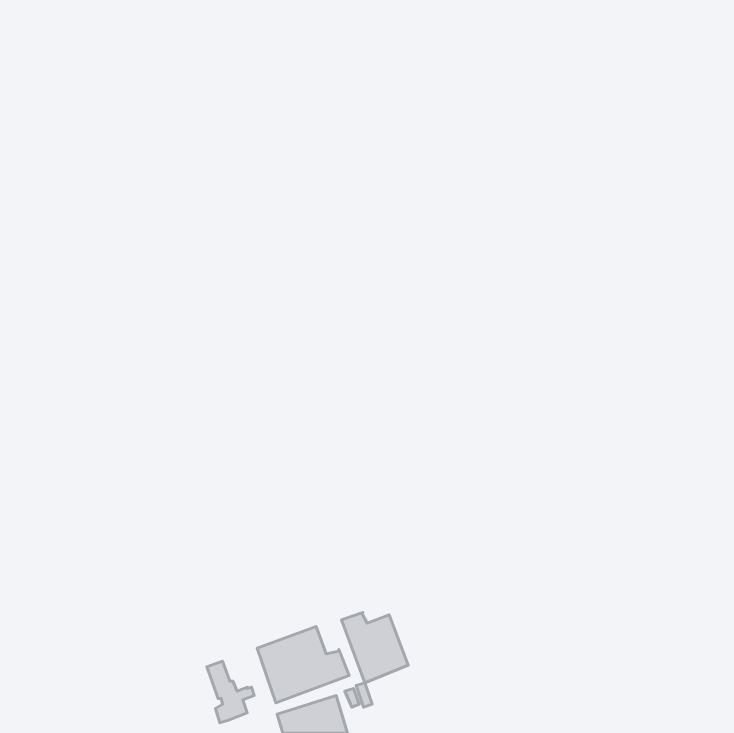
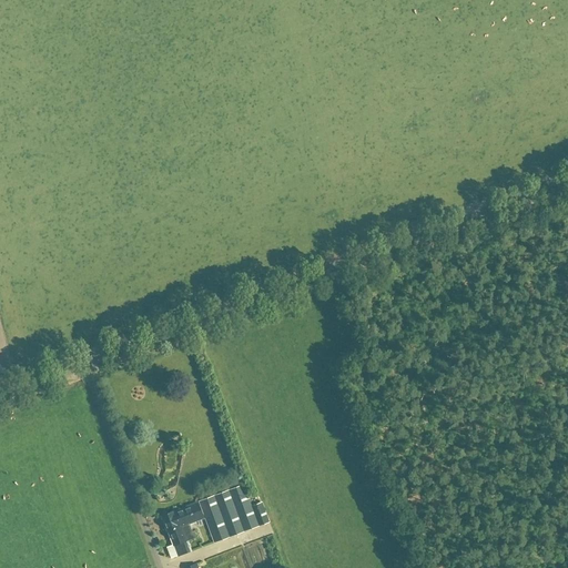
building: [341,612,408,683] -> none
building: none -> [172,501,203,534]

